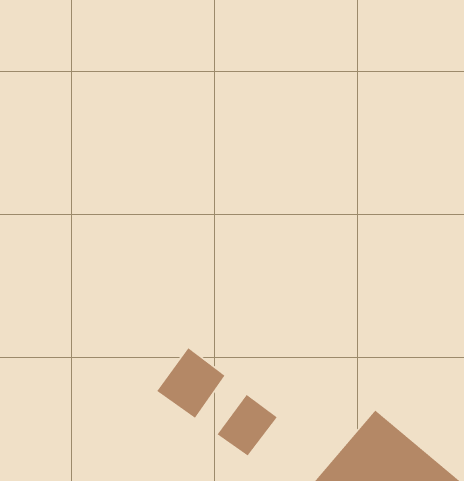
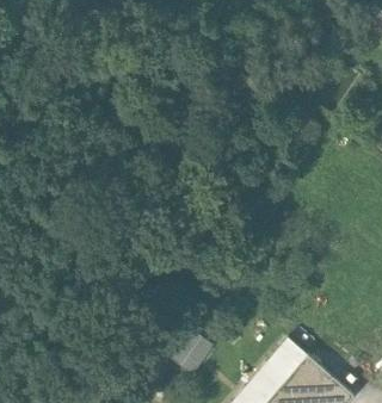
building: [156,347,225,419] -> none

